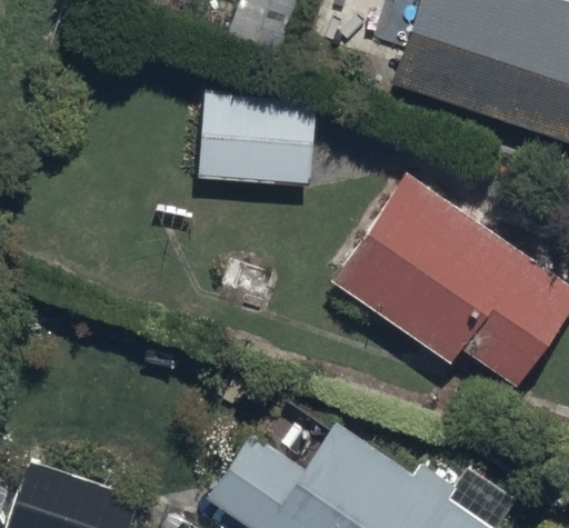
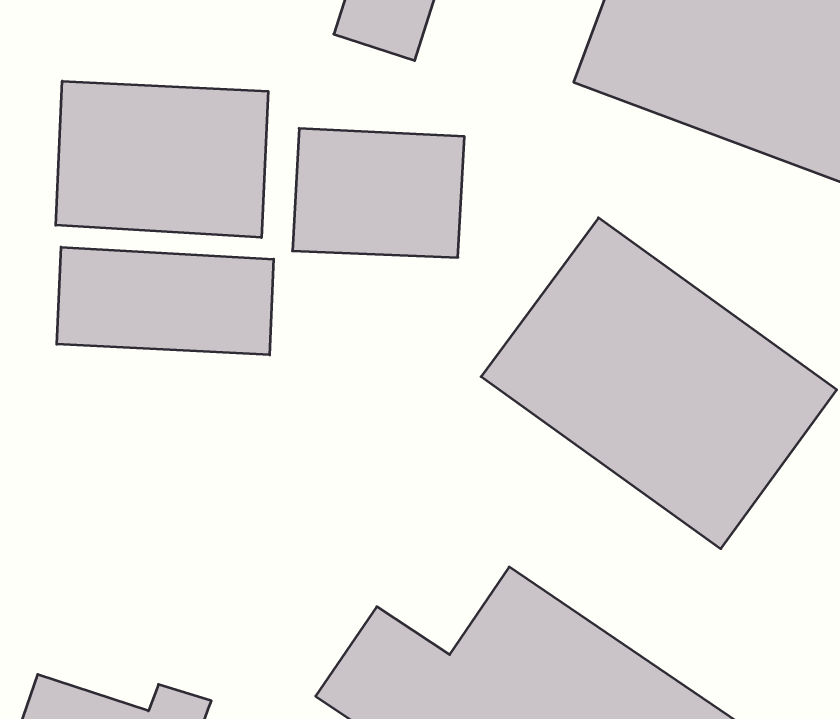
building: none -> [56,81,268,238]
building: none -> [57,247,274,355]

